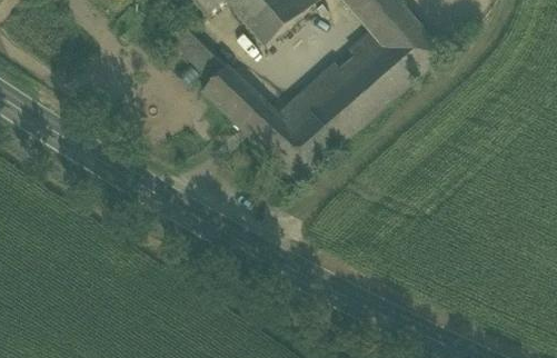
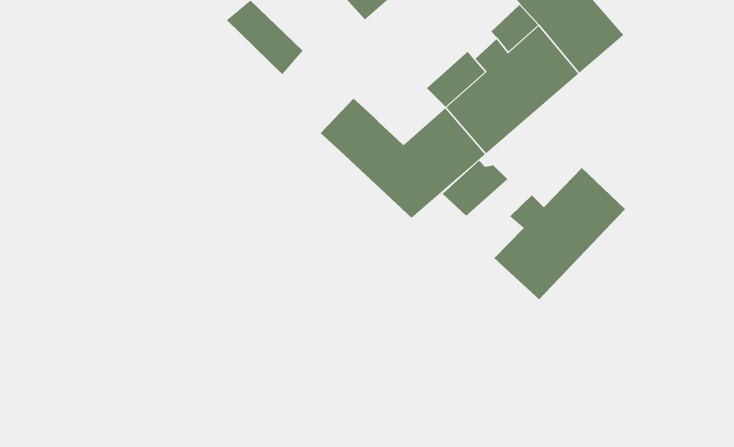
building: [200,63,257,120] -> none
building: [275,89,320,128] -> [442,160,508,216]
building: none -> [494,167,626,300]

